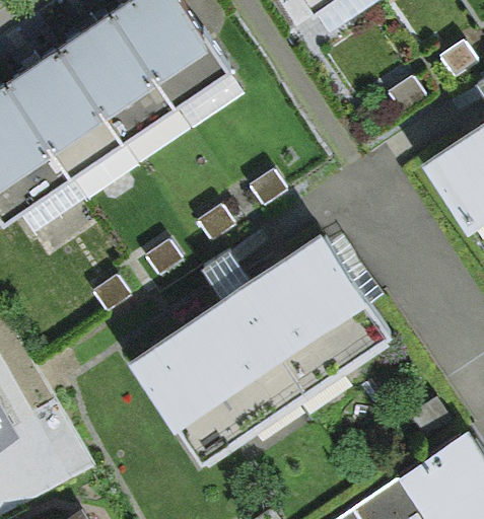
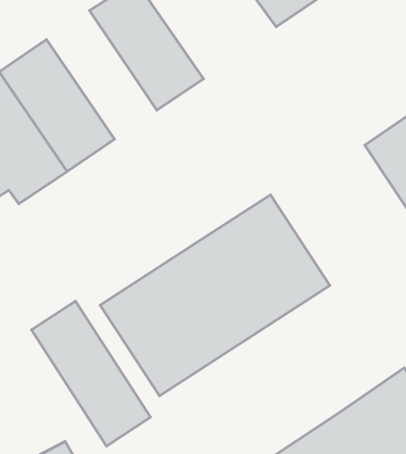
building: [60,16,185,161] -> none
building: none -> [31,301,151,446]

